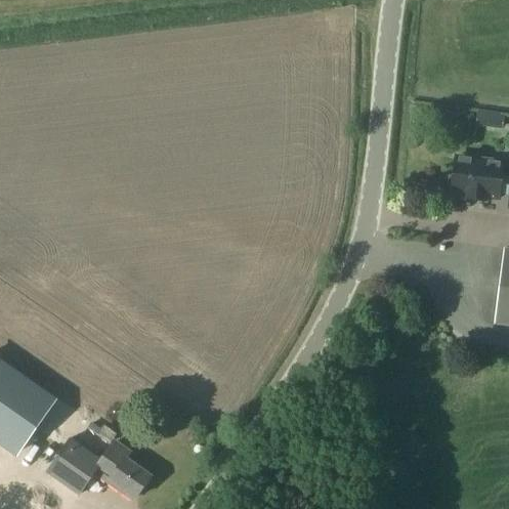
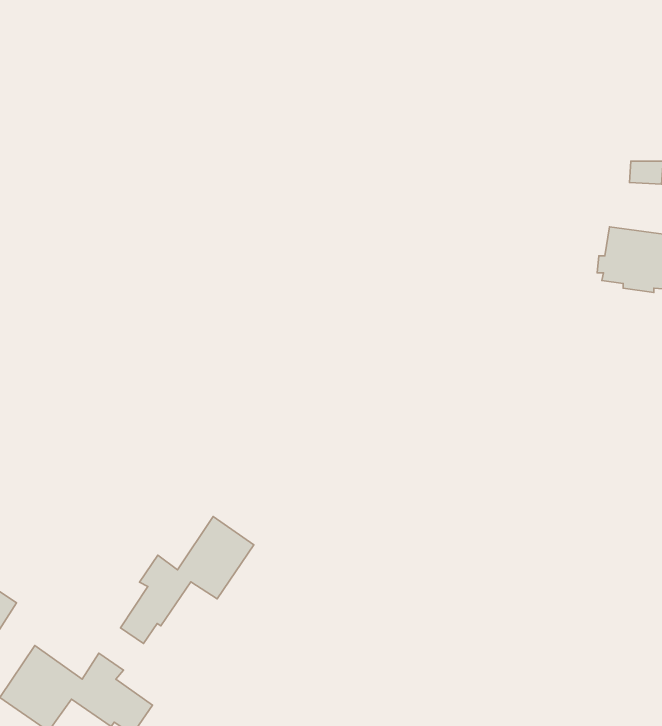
building: none -> [120,516,254,643]

